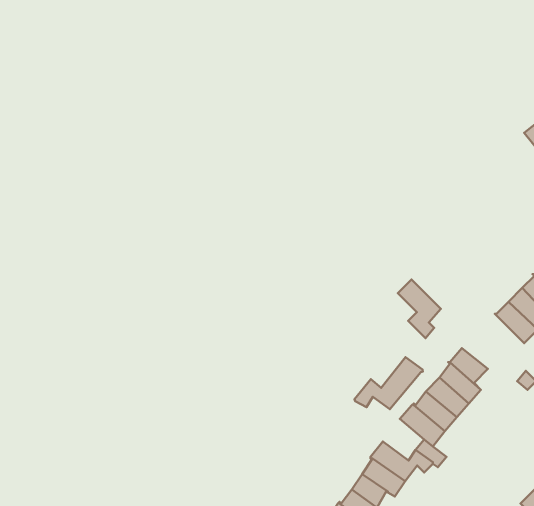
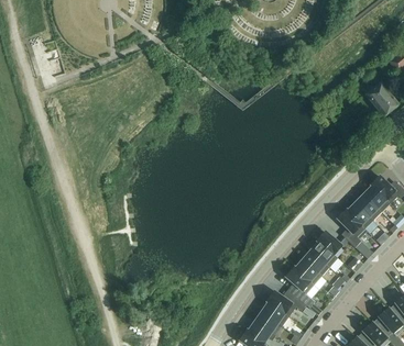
building: [398,280,441,338] -> [337,209,364,246]
building: [355,357,423,409] -> none

